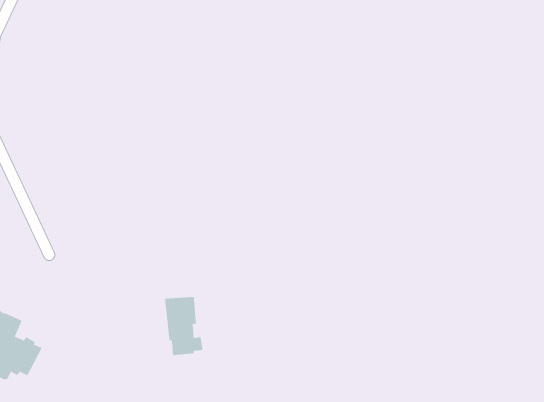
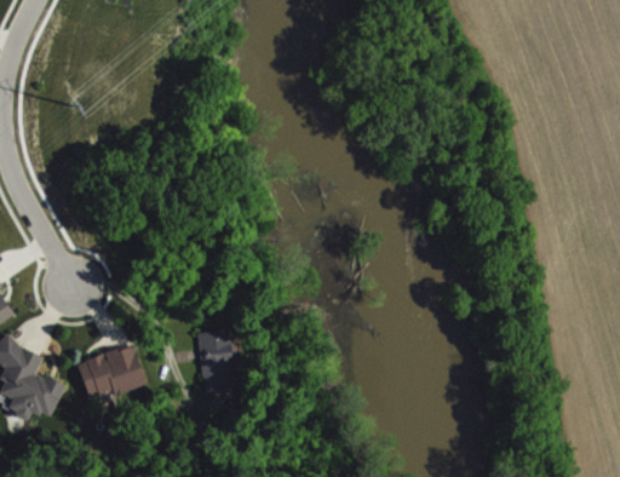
building: none -> [75,345,145,397]

